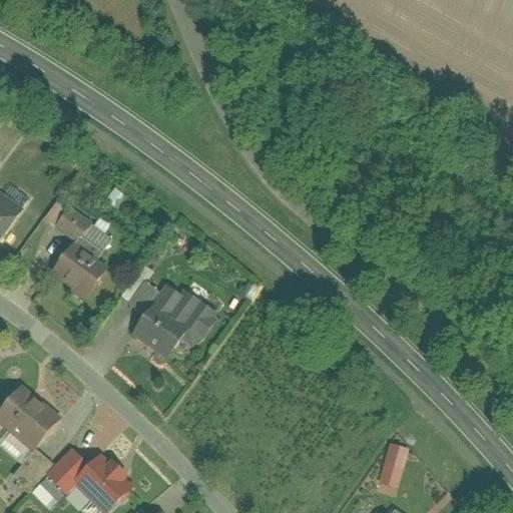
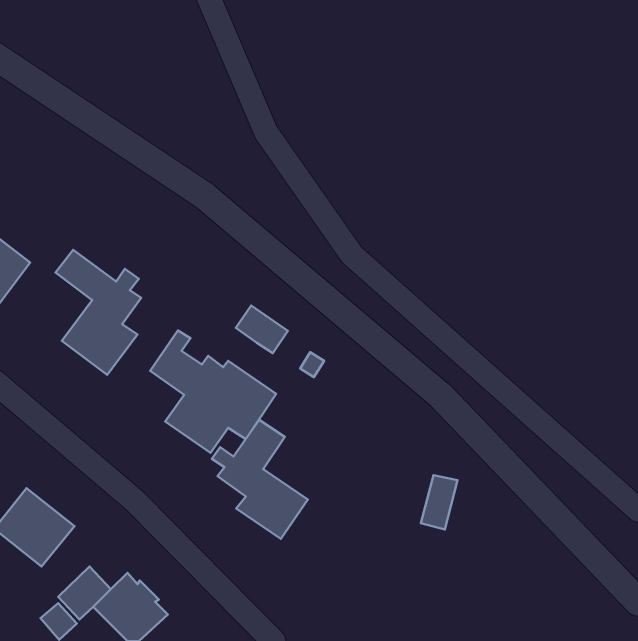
building: none -> [236,305,288,353]
building: none -> [212,420,308,539]
building: [378,443,407,486] -> [421,475,457,530]

